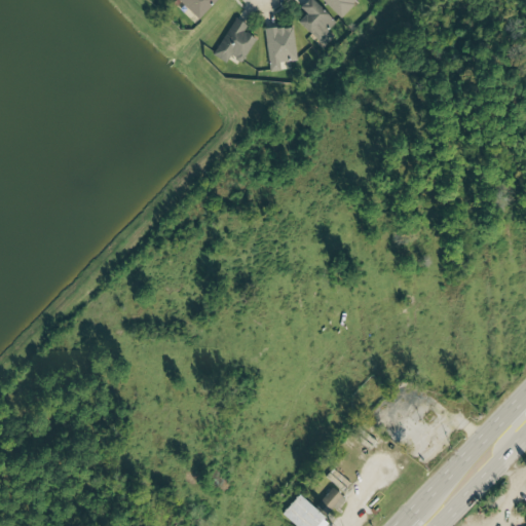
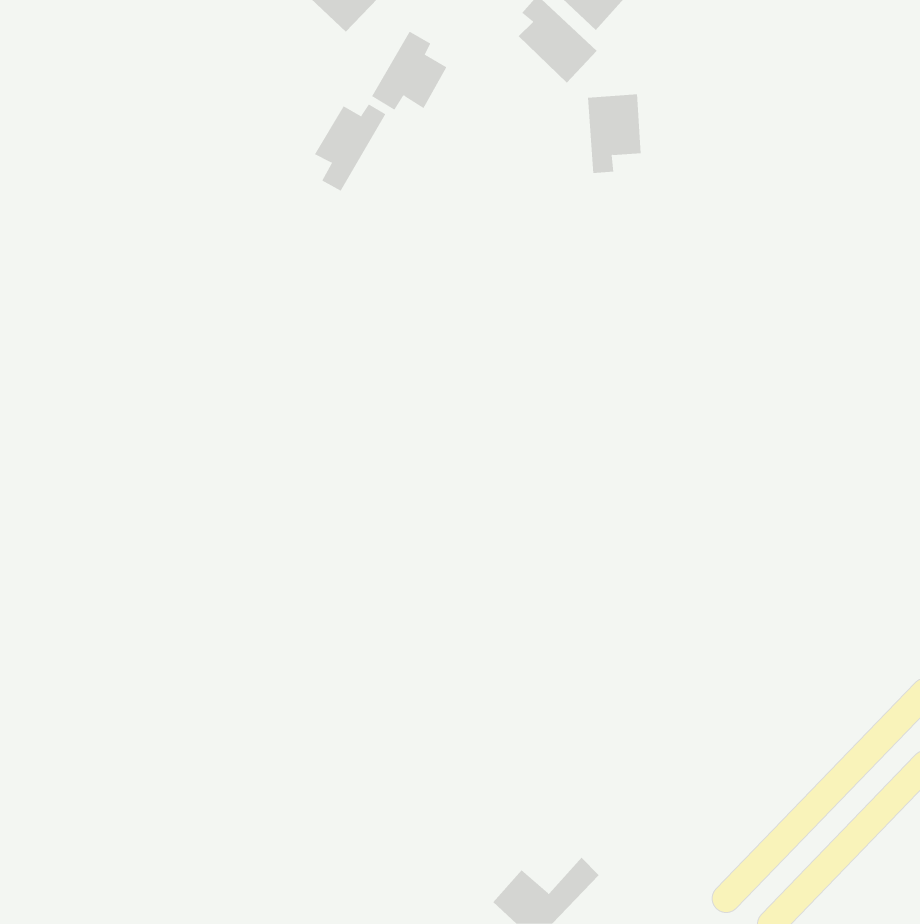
building: [266,26,297,71] -> [587,94,641,174]
building: none -> [314,103,386,191]

